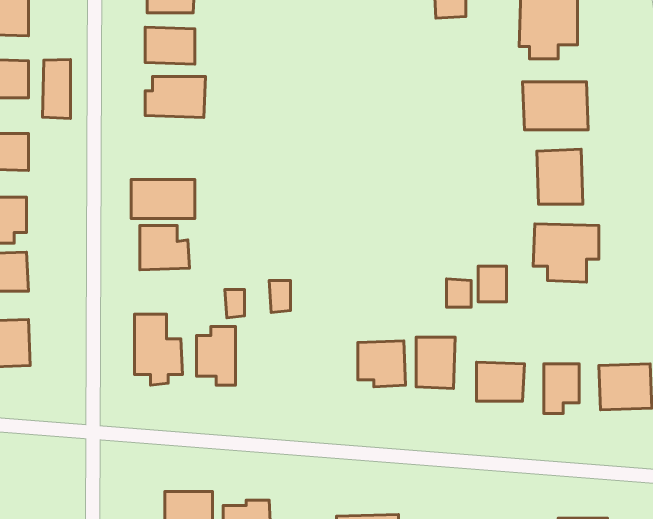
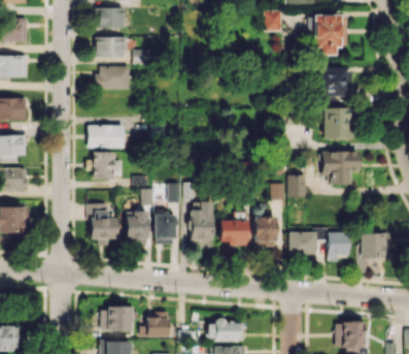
building: [43,59,70,119] -> none
building: none -> [190,200,212,246]
building: none -> [155,212,176,245]

